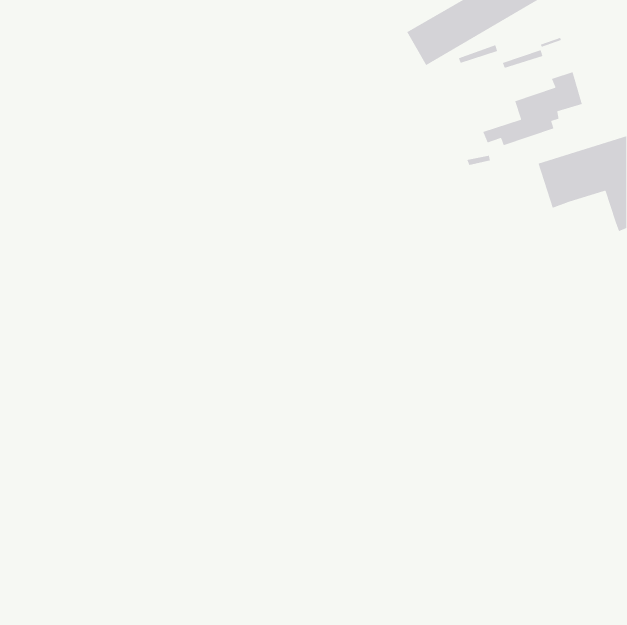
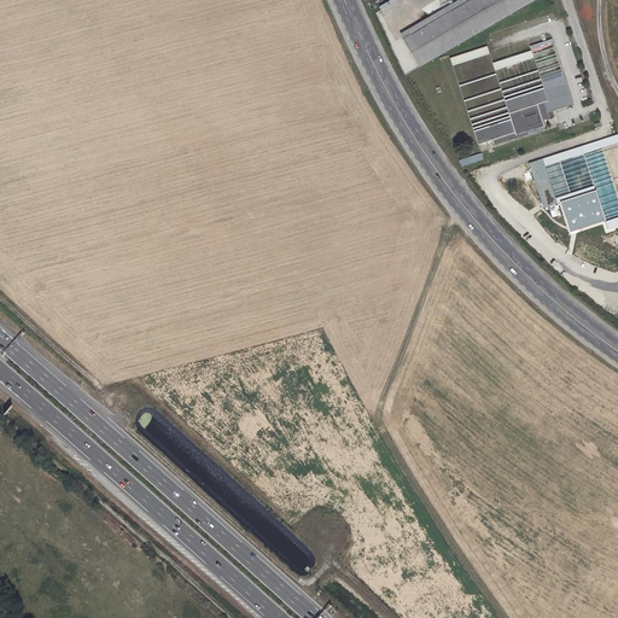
building: none -> [560,188,605,231]

